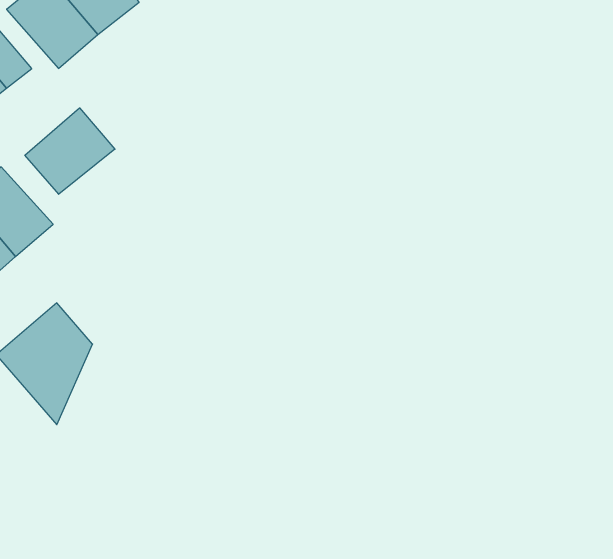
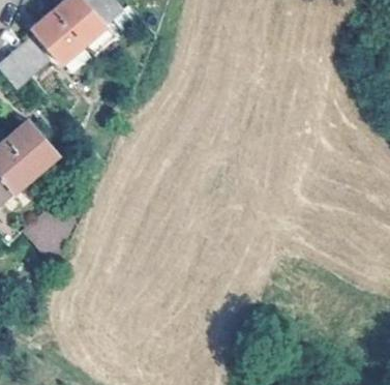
building: [25,108,115,194] -> none

